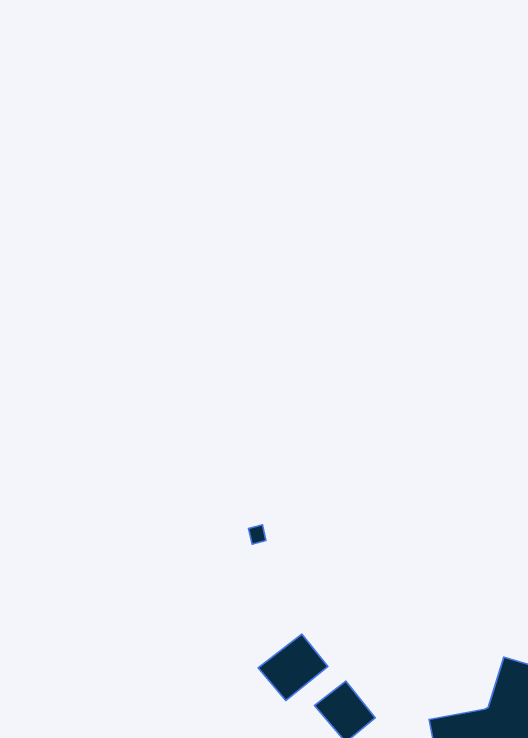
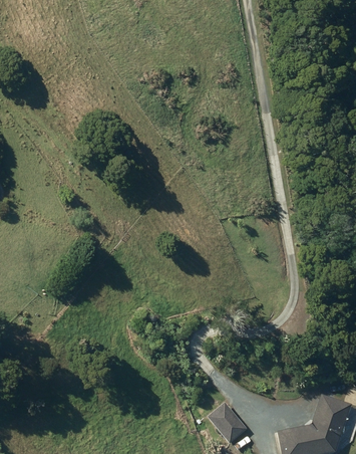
building: [258,634,328,700] -> none

